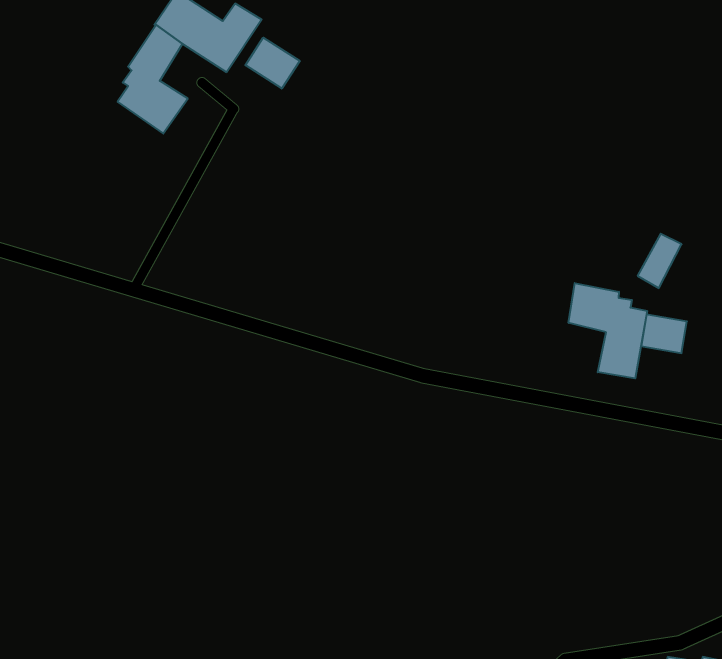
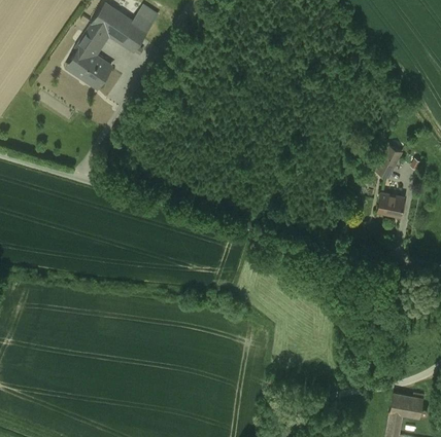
building: [245,38,300,89] -> none
building: [569,283,647,378] -> none

